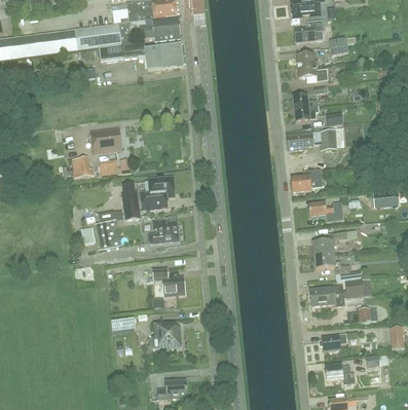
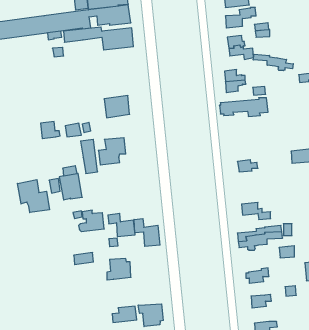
building: none -> [253,54,293,71]
building: [90,126,121,153] -> [104,96,130,118]
building: [291,169,322,192] -> none
building: [148,217,179,243] -> [79,210,104,232]
building: none -> [17,180,49,213]
building: [312,232,346,256] -> none
building: none -> [134,219,160,246]
building: none -> [138,304,163,327]

